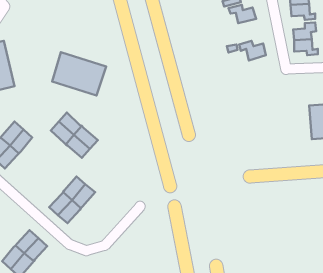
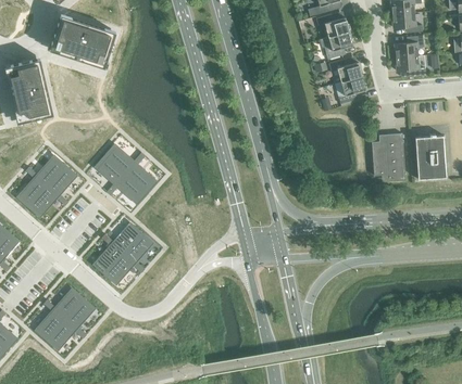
building: none -> [325,33,352,61]
building: [52,52,106,96] -> [49,15,115,68]
building: none -> [338,77,365,105]
building: none -> [371,135,404,182]

